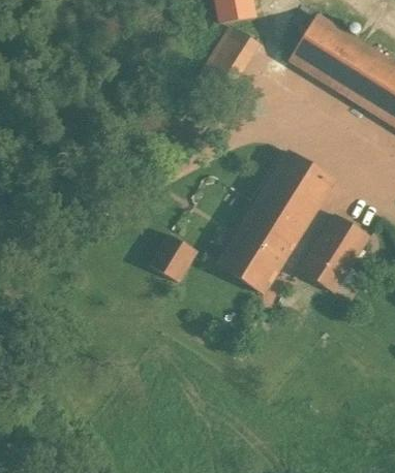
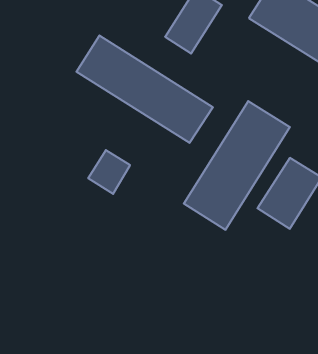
building: none -> [76,35,213,143]
building: [151,232,198,281] -> [88,150,130,194]

